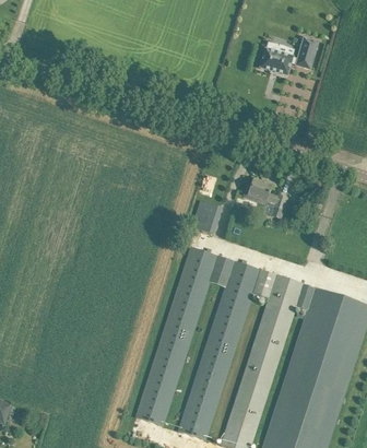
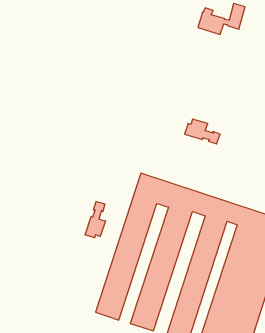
building: [191,199,222,233] -> none
building: none -> [85,202,105,238]

